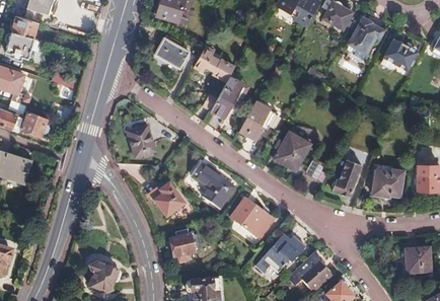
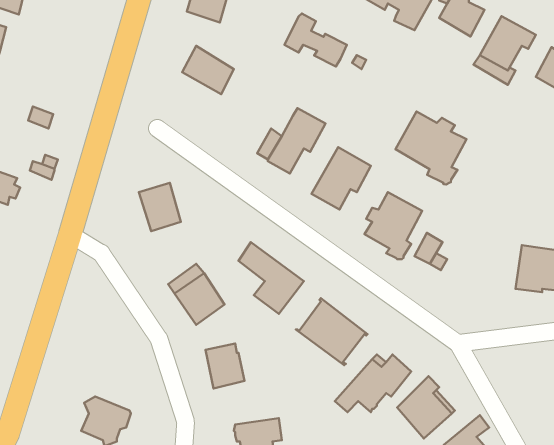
building: [193,47,233,81] -> [285,14,347,67]
building: none -> [395,112,467,185]
building: [331,159,361,197] -> none

